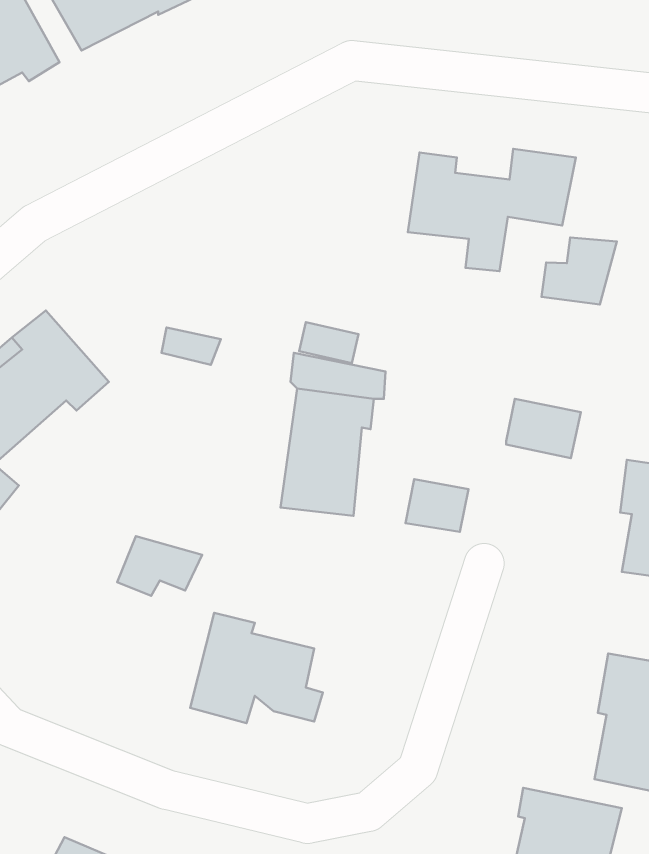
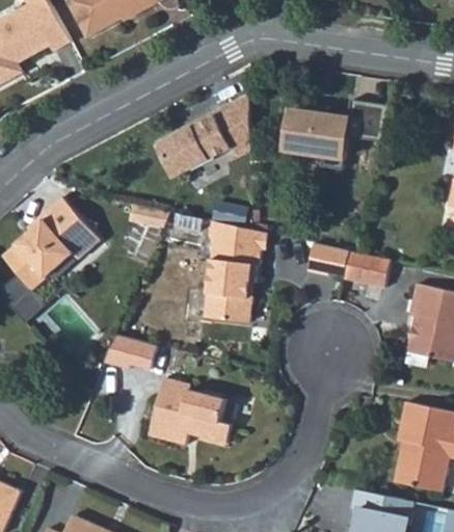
building: none -> [156,89,247,174]
building: [542,238,617,304] -> none
building: [406,479,468,532] -> [310,243,348,275]

